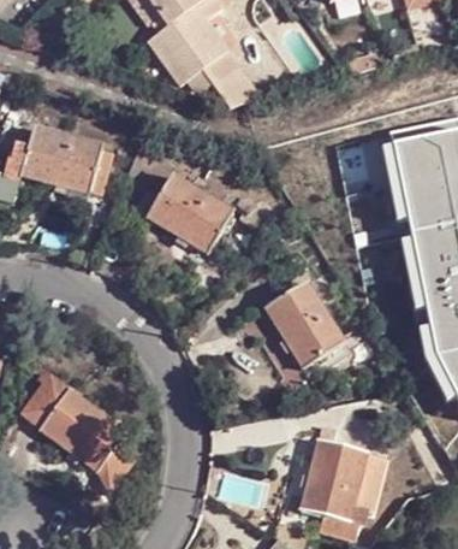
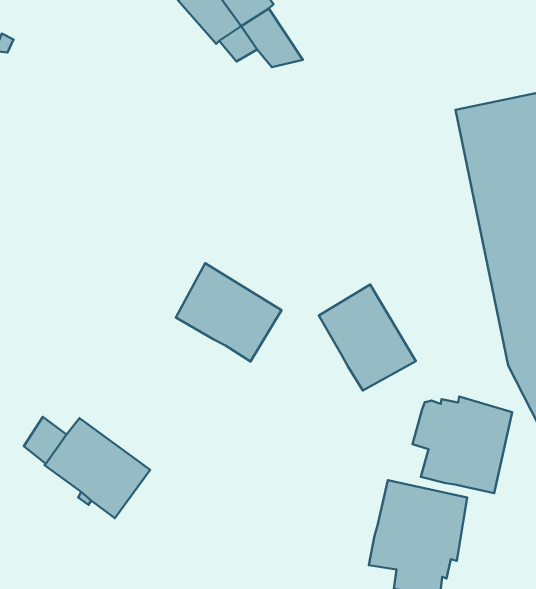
building: [23,128,105,194] -> none
building: [149,172,236,253] -> [176,263,281,362]
building: none -> [413,396,512,493]

